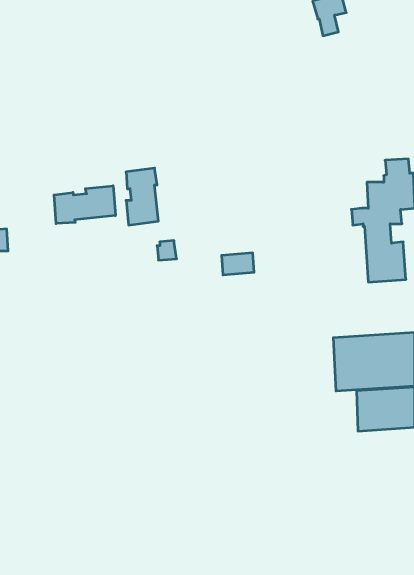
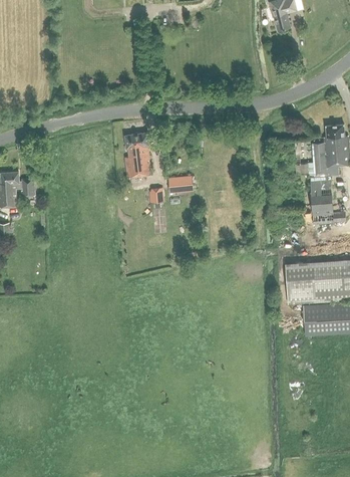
building: [54,186,115,224] -> none
building: [222,253,254,275] -> [168,176,194,193]

